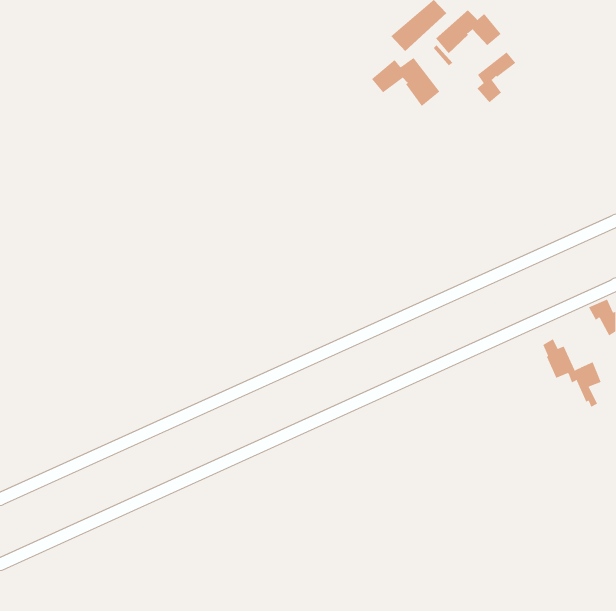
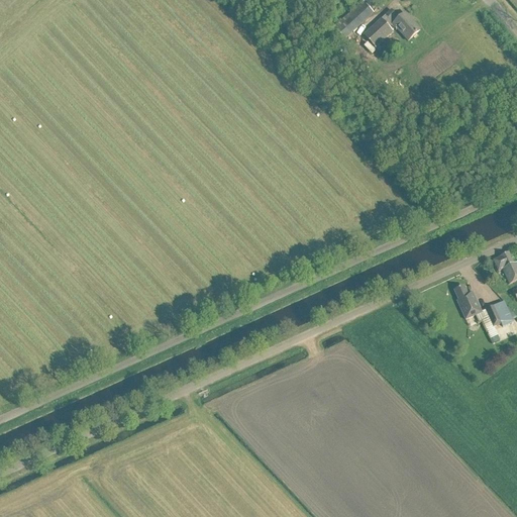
building: [477,51,516,103] -> none
building: [371,57,440,107] -> none

